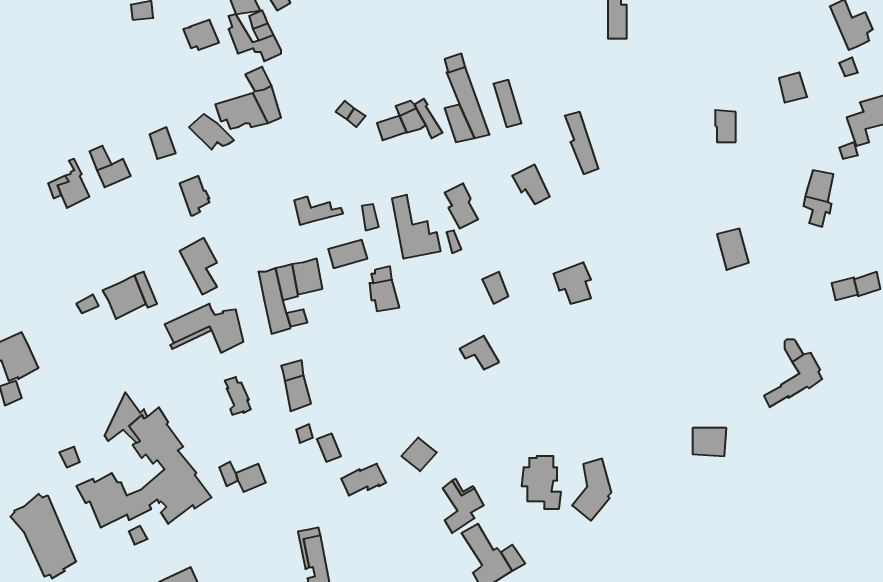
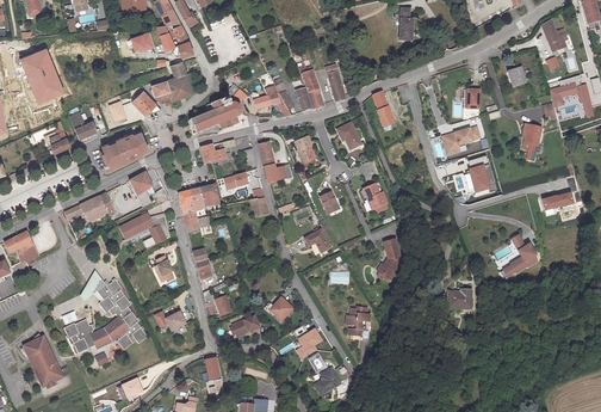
building: none -> [20,50,62,103]
building: none -> [186,97,240,134]
building: none -> [442,127,481,154]
building: none -> [101,136,135,166]
building: [572,459,611,521] -> [376,240,401,279]

